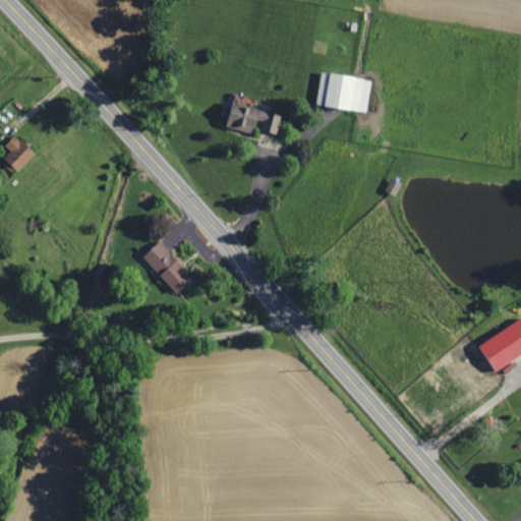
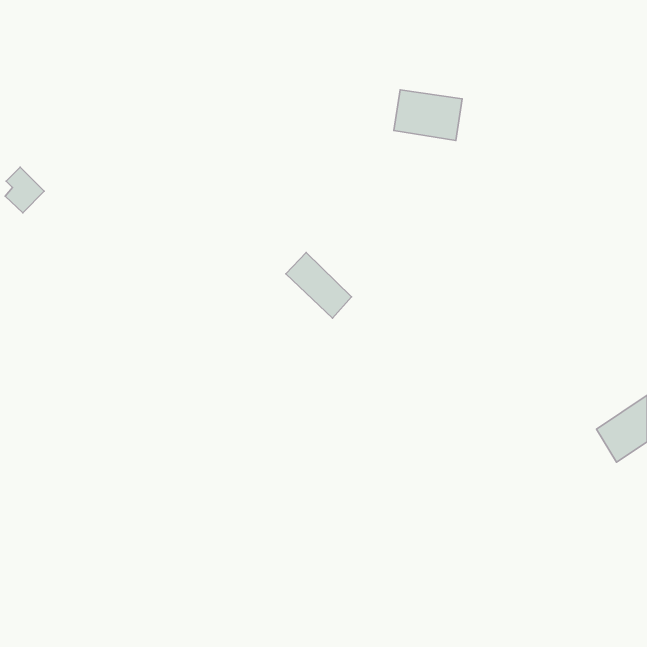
building: [228,103,282,135] -> none
building: [142,241,195,294] -> [286,252,352,318]

